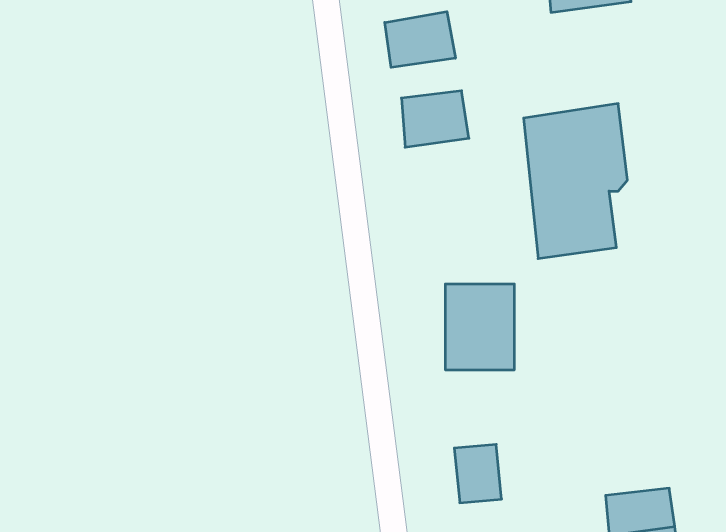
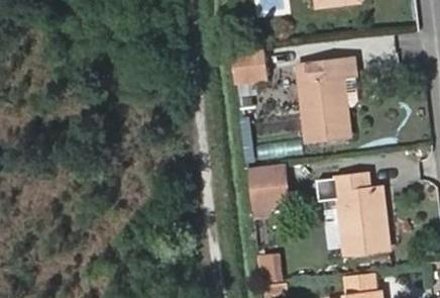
building: [385,12,455,67] -> none
building: none -> [337,174,388,256]

